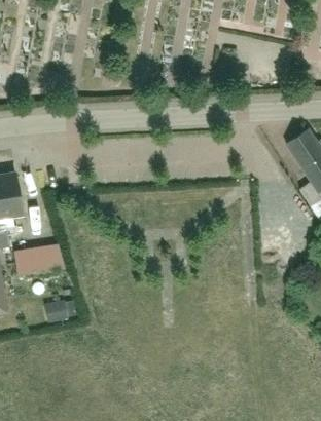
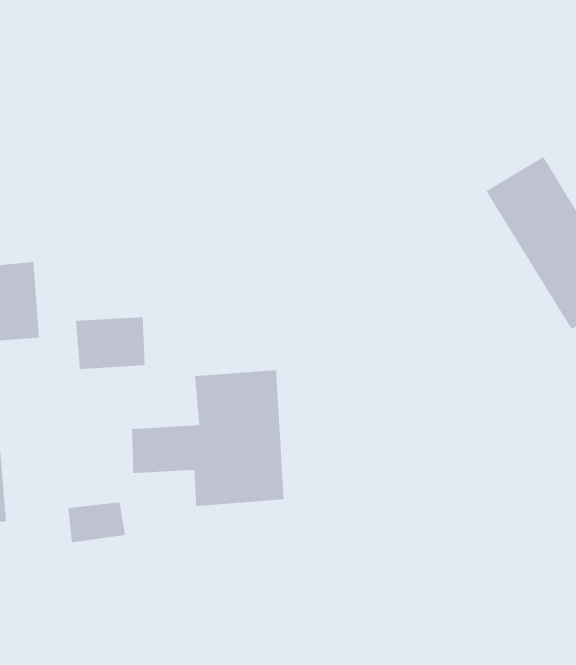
building: none -> [131,370,284,507]
building: [29,245,66,273] -> [75,317,146,369]

